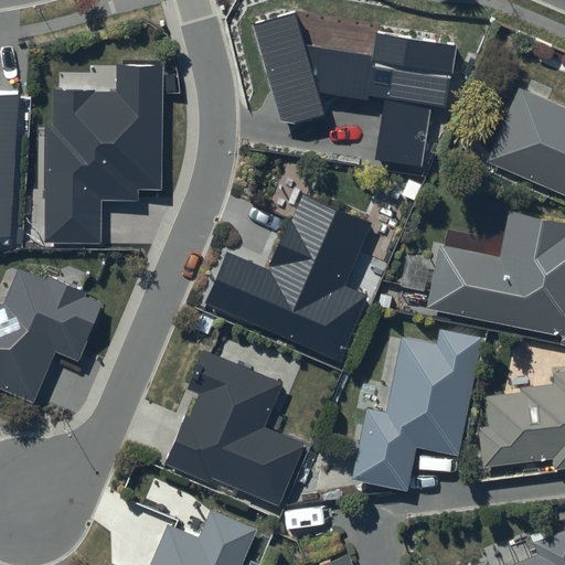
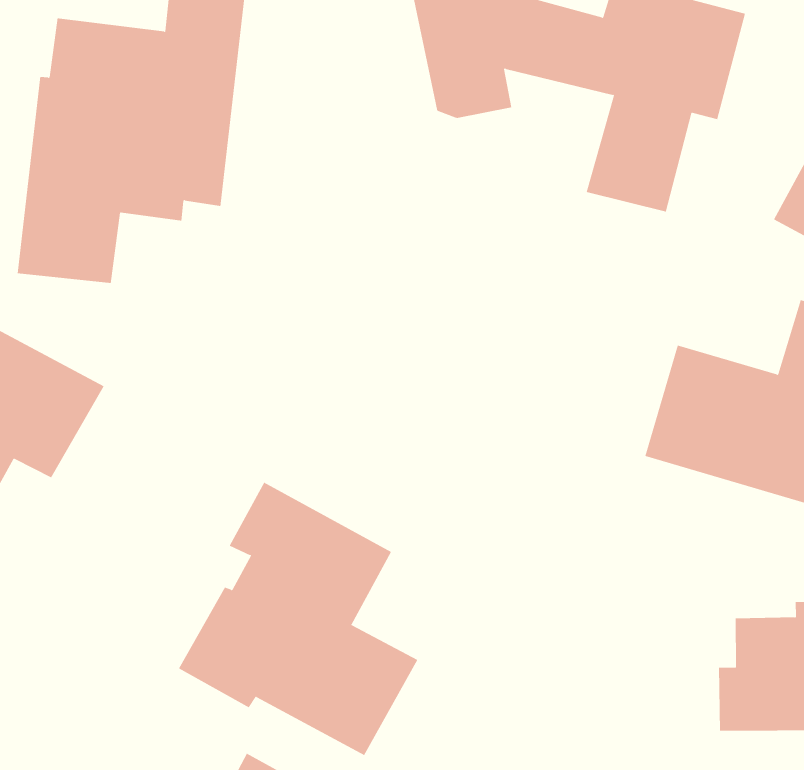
building: [205,194,372,362] -> none
building: [351,331,480,492] -> none

